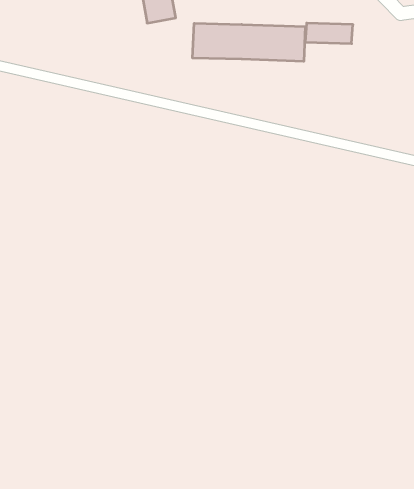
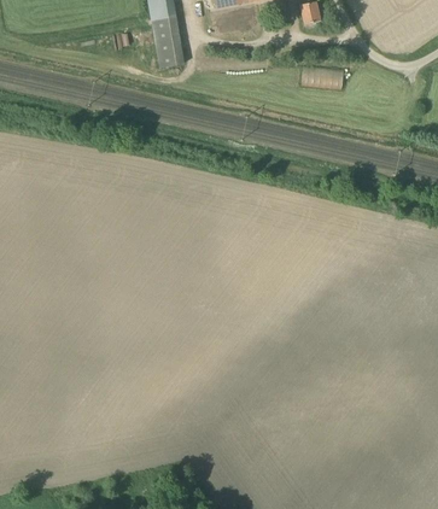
building: [193,23,305,61] -> none

